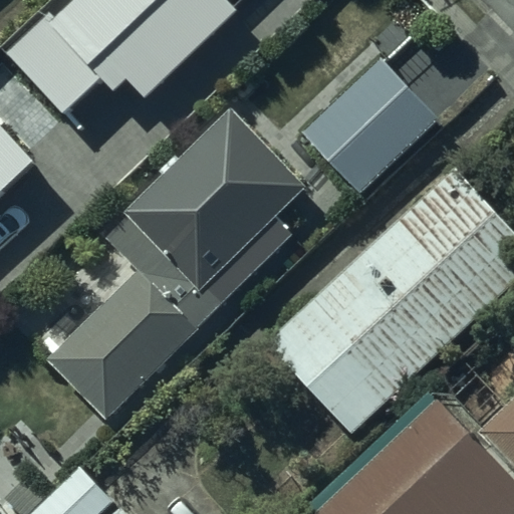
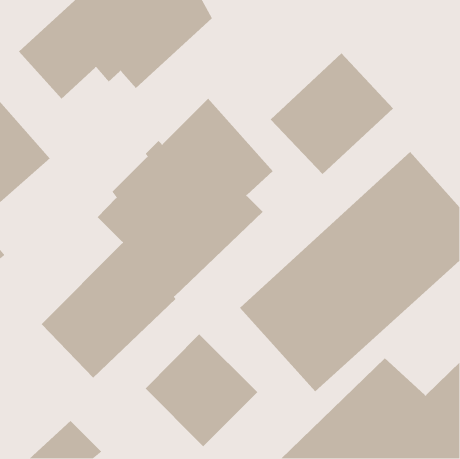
building: none -> [145,333,258,447]

